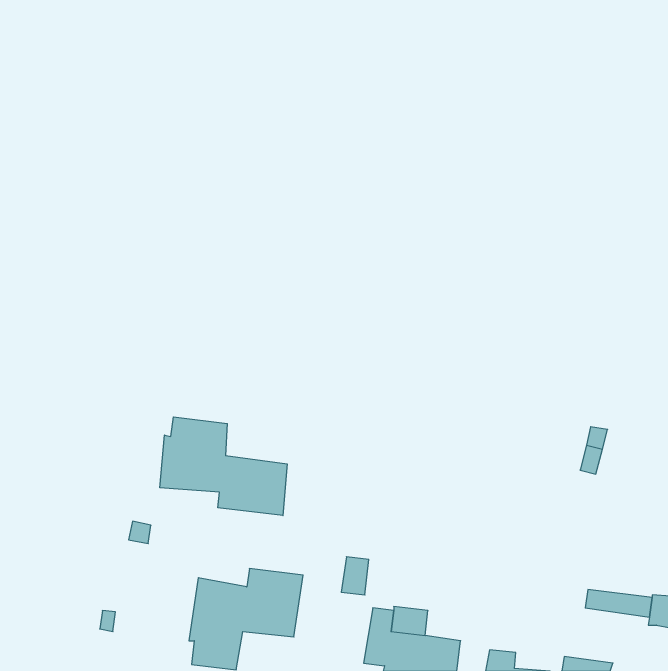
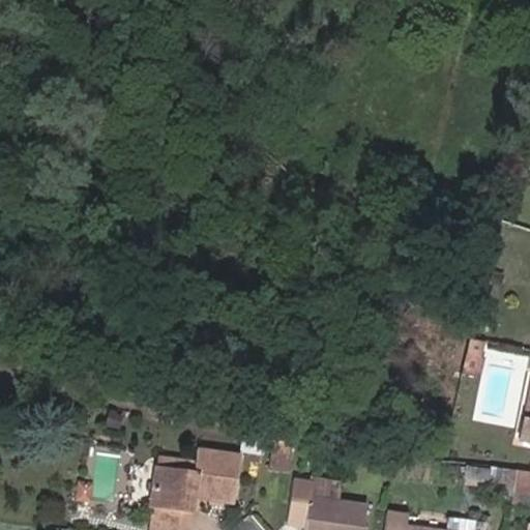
building: [160,417,287,516] -> none

